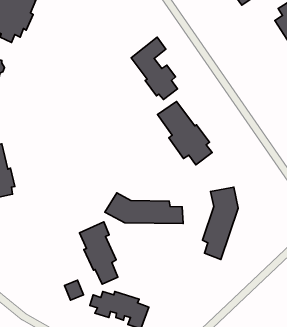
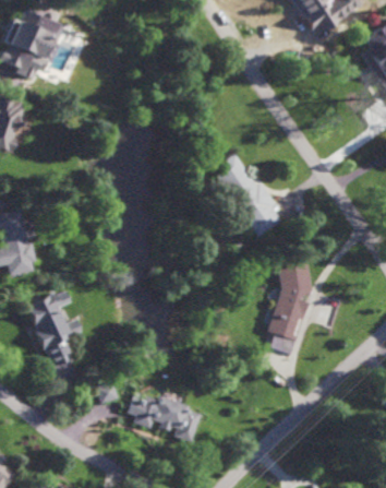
building: [131,37,177,100] -> none
building: [105,193,183,223] -> none
building: [80,222,118,284] -> [25,289,73,368]

